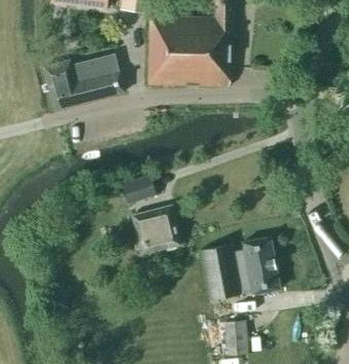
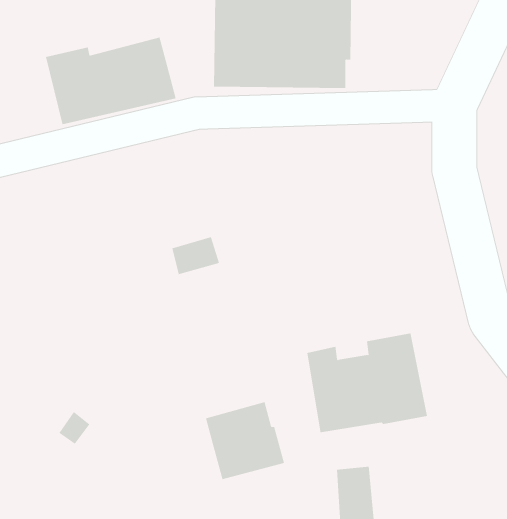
building: [132,206,181,254] -> [205,401,285,480]

